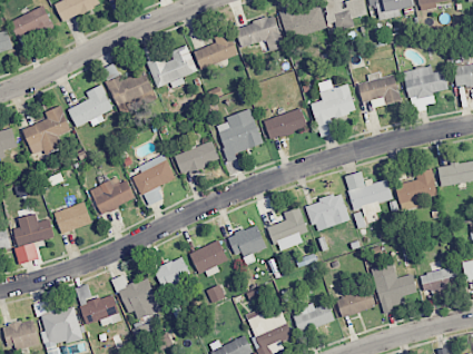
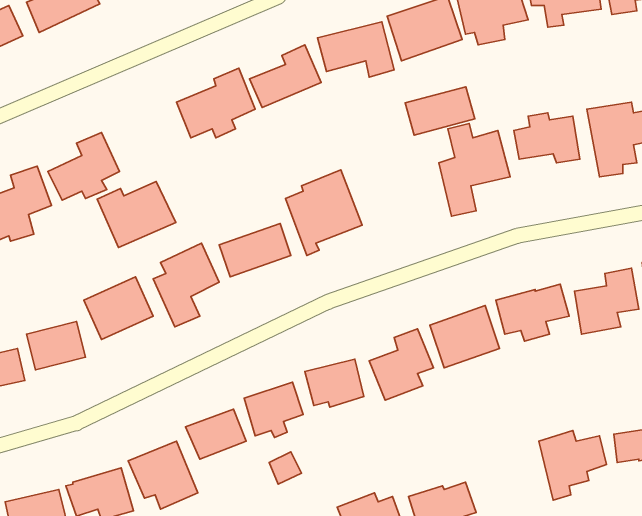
building: [107,70,156,111] -> [97,181,176,247]
building: [264,109,307,139] -> [405,87,475,135]
building: [336,288,375,317] -> none

